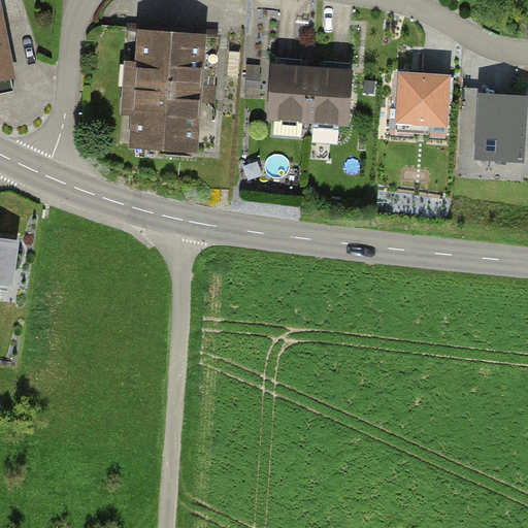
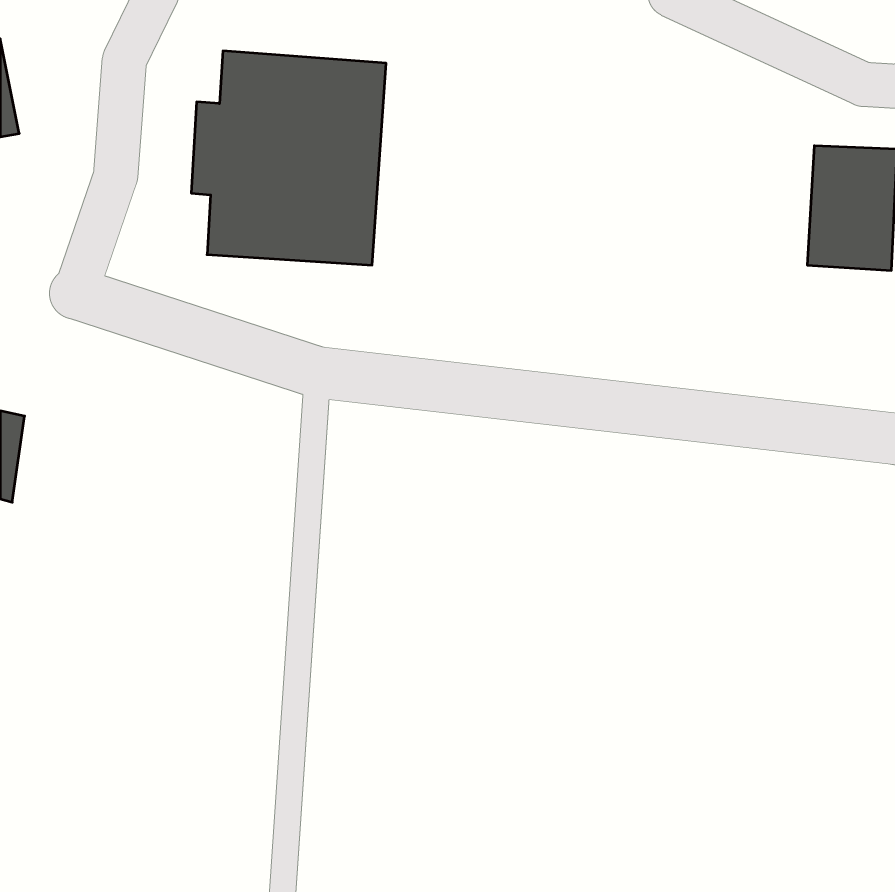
building: [263,65,348,124] -> none
building: [400,74,450,123] -> none

